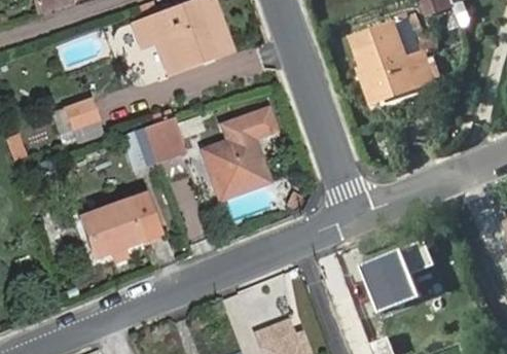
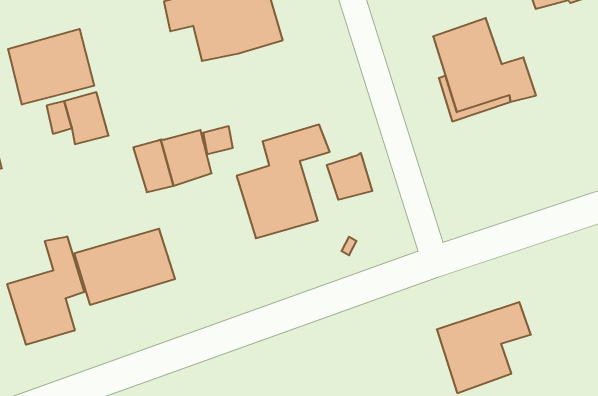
building: none -> [8,29,94,105]
building: none -> [327,153,372,200]
building: none -> [7,236,84,345]

